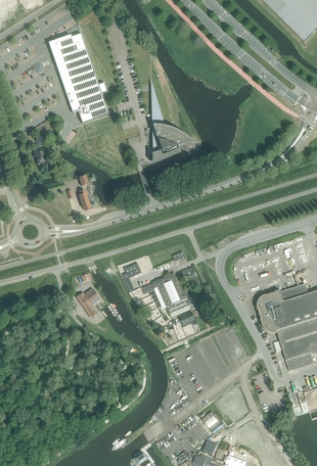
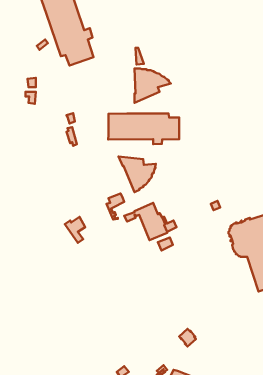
building: none -> [108,114,179,144]
building: none -> [119,157,156,192]

